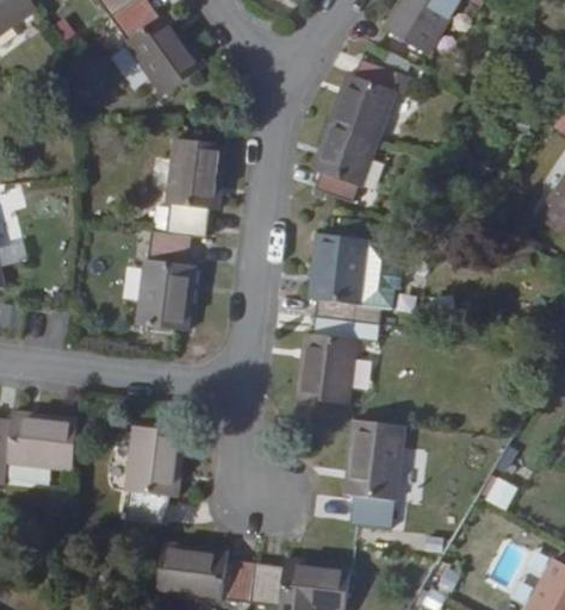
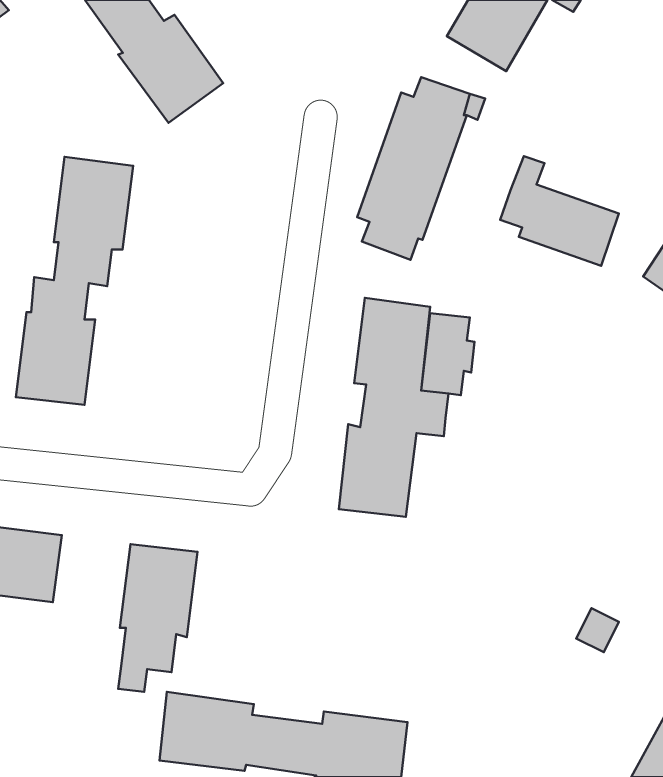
building: none -> [500,156,619,266]
building: [136,138,228,332] -> [16,157,133,405]
building: [343,419,406,530] -> none

